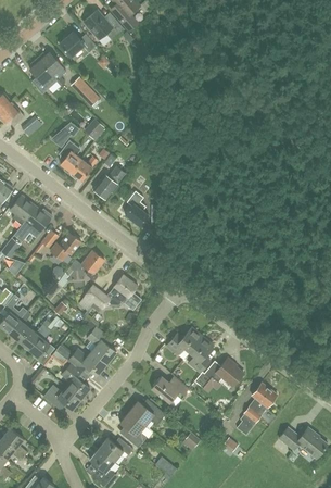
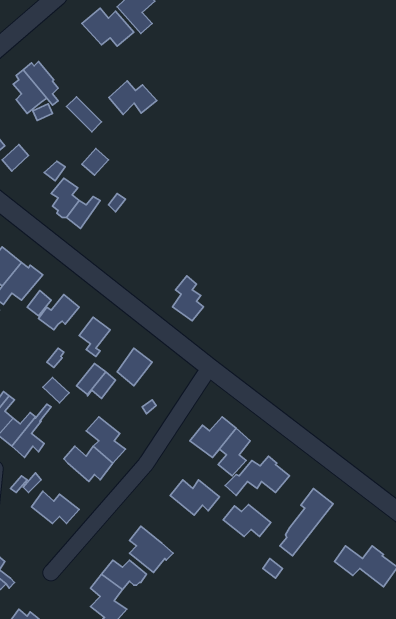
building: [59,30,96,57] -> [109,81,157,114]
building: [92,165,125,199] -> none
building: [124,190,148,225] -> [173,276,204,321]
building: [62,362,89,398] -> none
building: [128,399,165,424] -> [223,504,271,537]

